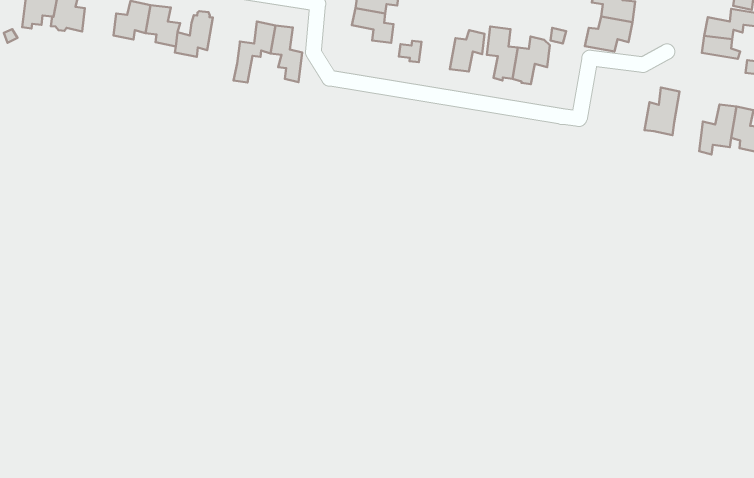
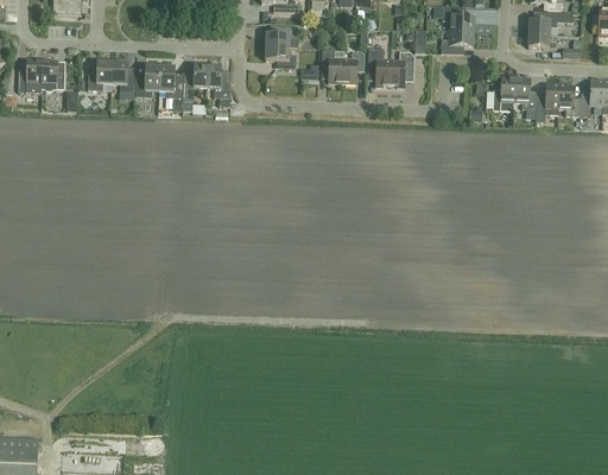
building: none -> [159,63,183,99]
building: none -> [322,49,343,83]
building: none -> [514,78,537,109]

